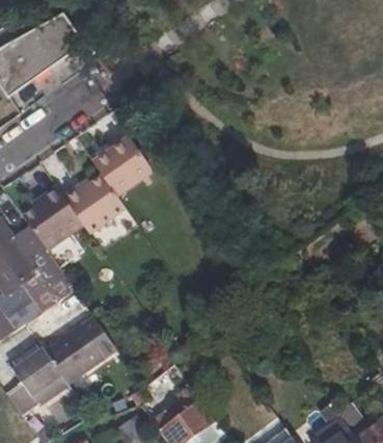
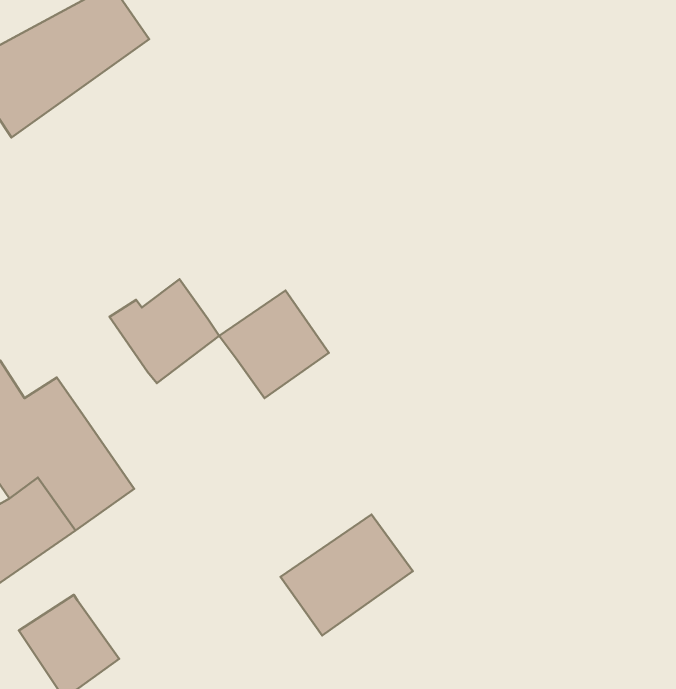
building: [90,136,151,196] -> [219,290,329,398]
building: [24,187,82,249] -> none
building: [44,316,116,383] -> [281,515,413,635]

